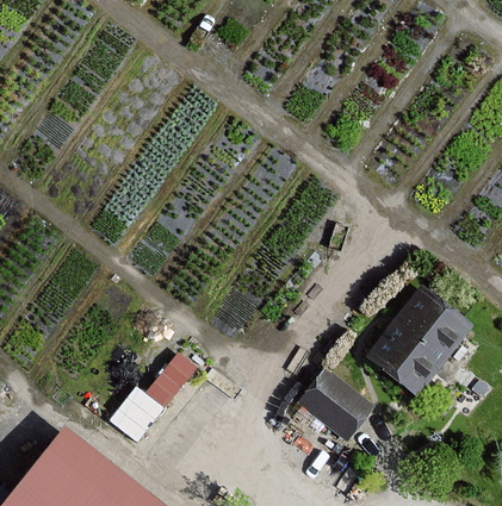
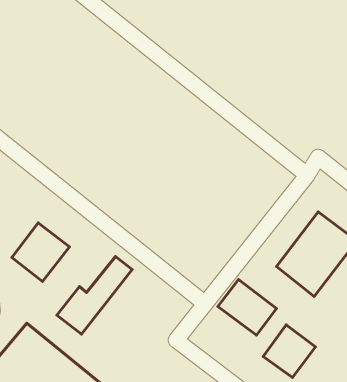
building: none -> [12,223,70,281]
building: none -> [263,325,316,378]

